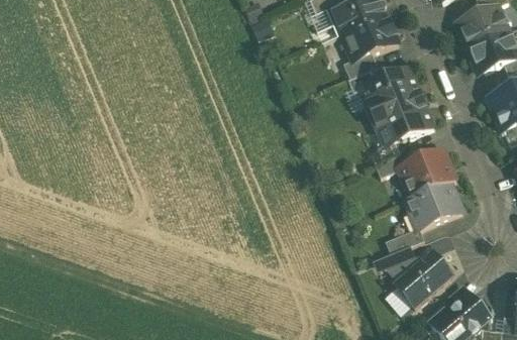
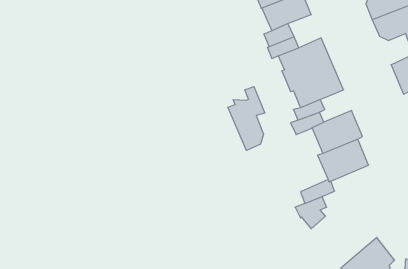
building: none -> [228,87,265,150]
building: [395,251,450,306] -> none

